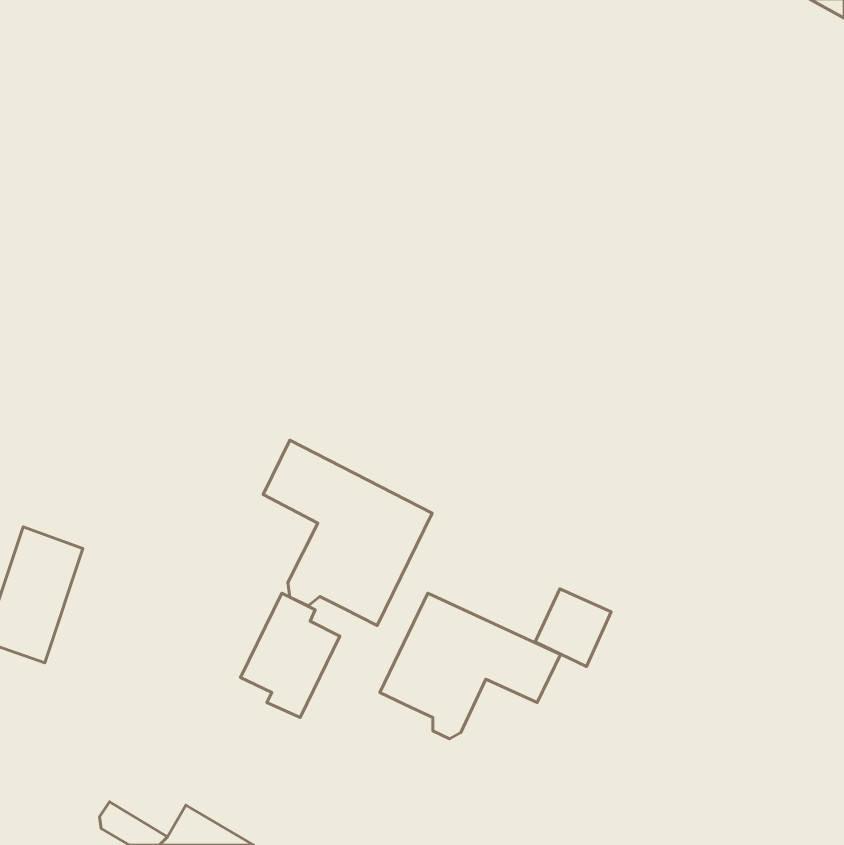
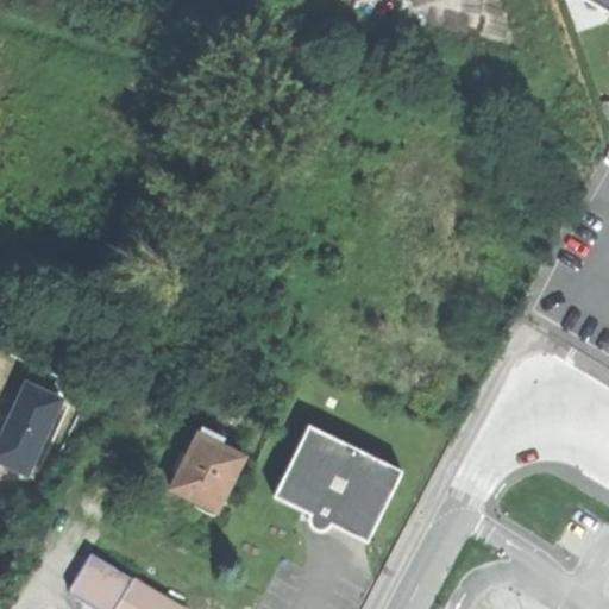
building: [263,440,432,625] -> none
building: [535,589,611,667] -> [331,488,385,544]
building: none -> [79,553,133,601]

